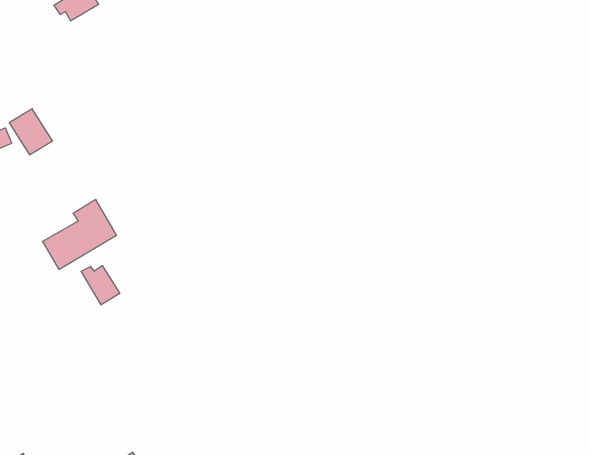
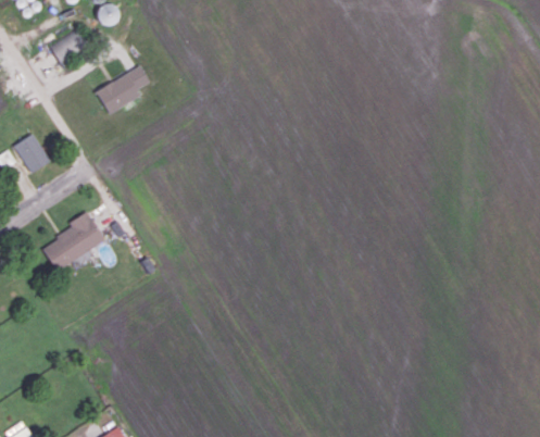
building: none -> [96,65,150,114]
building: [81,266,120,305] -> none

